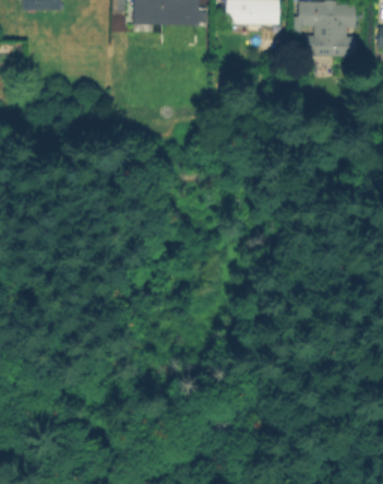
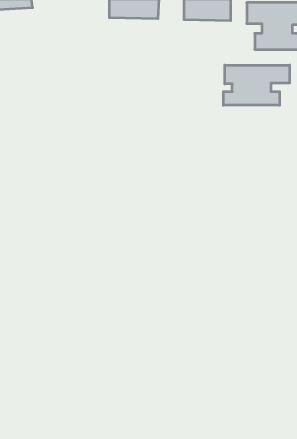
building: none -> [223,65,290,105]

